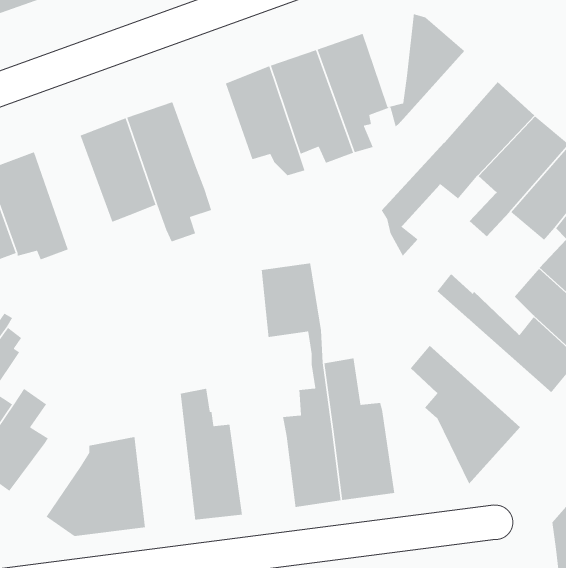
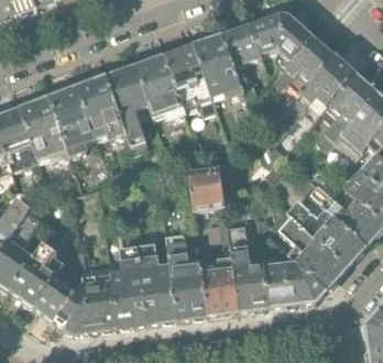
building: none -> [250,11,281,55]
building: none -> [273,34,332,90]
building: none -> [133,54,186,121]
building: none -> [48,86,98,156]
building: none -> [286,198,365,265]
building: none -> [164,230,208,319]
building: none -> [110,244,146,327]
building: none -> [262,253,315,306]
building: none -> [33,275,76,320]

